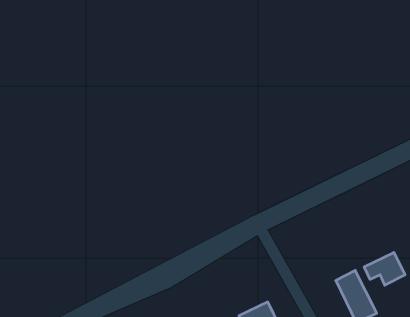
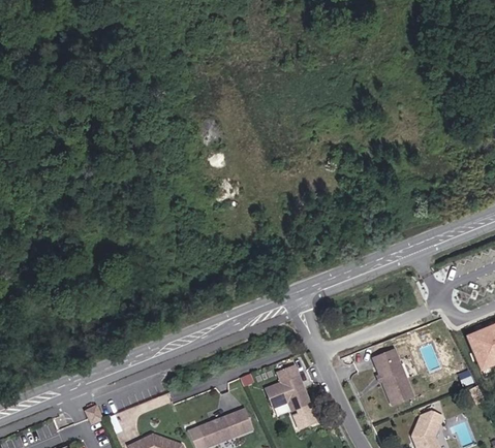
building: [364,252,405,285] -> none

